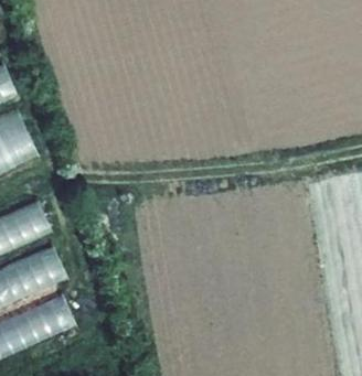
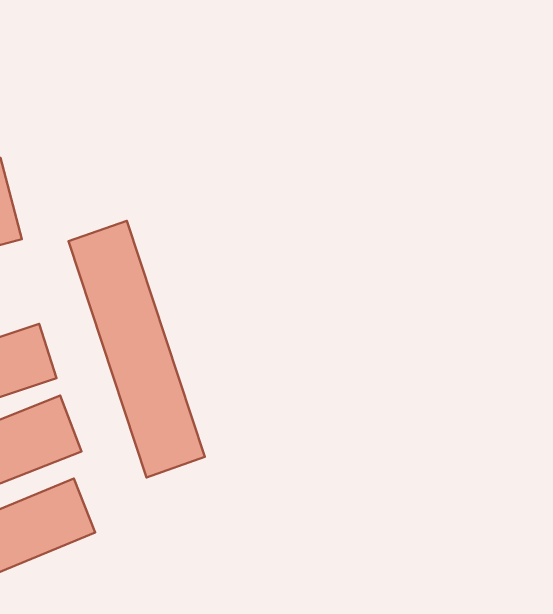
building: none -> [68,221,205,478]

